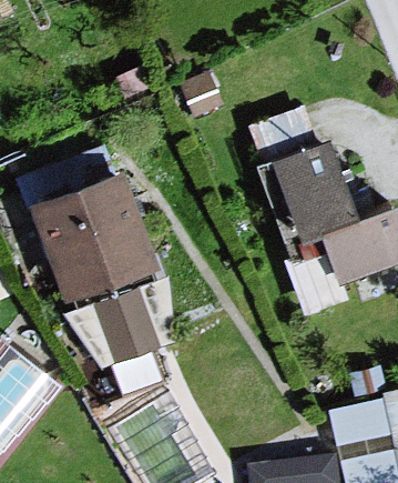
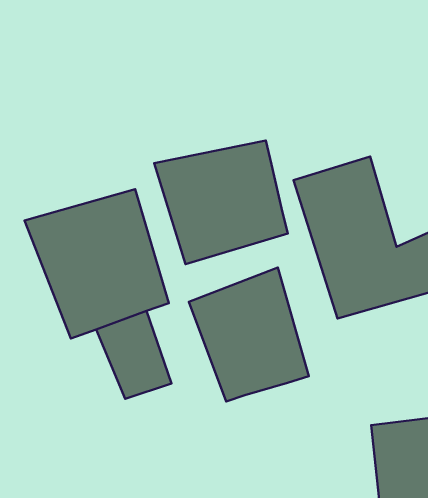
building: none -> [154,141,288,264]
building: none -> [189,267,309,401]

